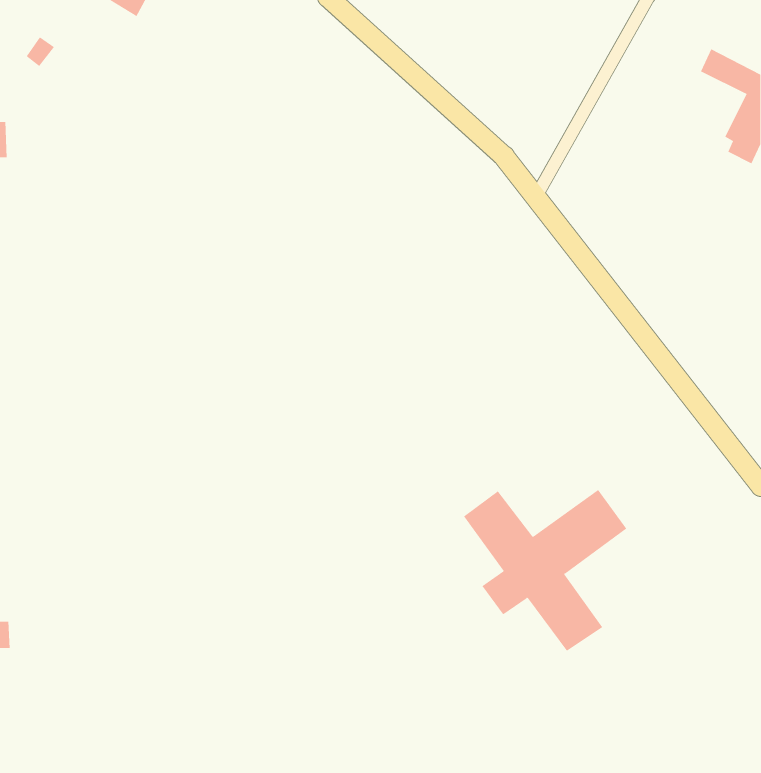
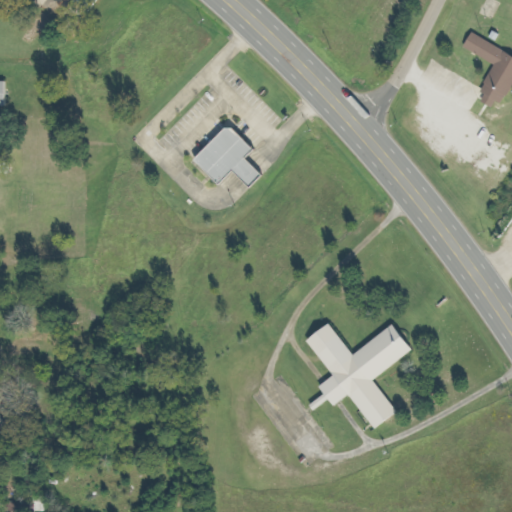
building: none -> [196,123,262,185]

